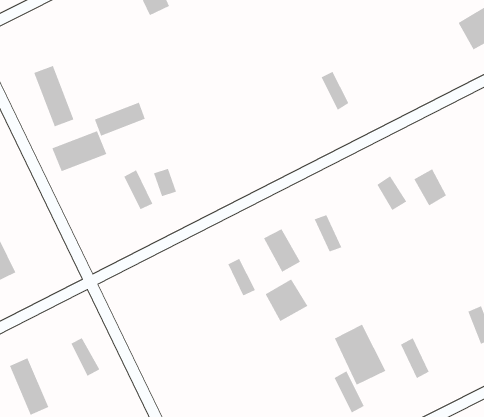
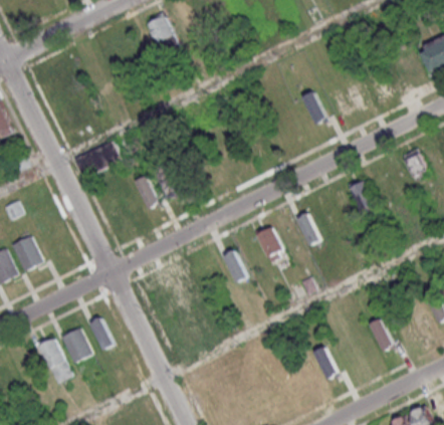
building: [34,65,74,127] -> none
building: [94,102,146,136] -> none
building: [414,168,447,206] -> [402,148,430,180]
building: [265,279,308,322] -> none
building: [334,324,386,385] -> none
building: none -> [60,328,92,364]

